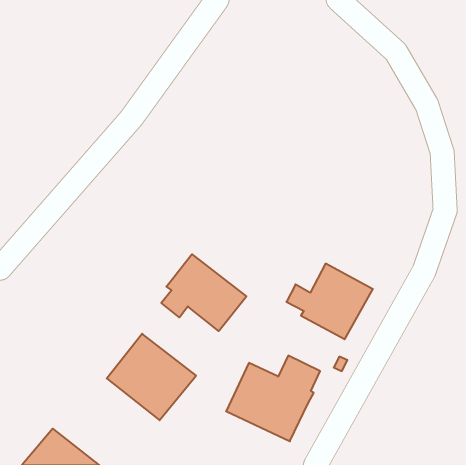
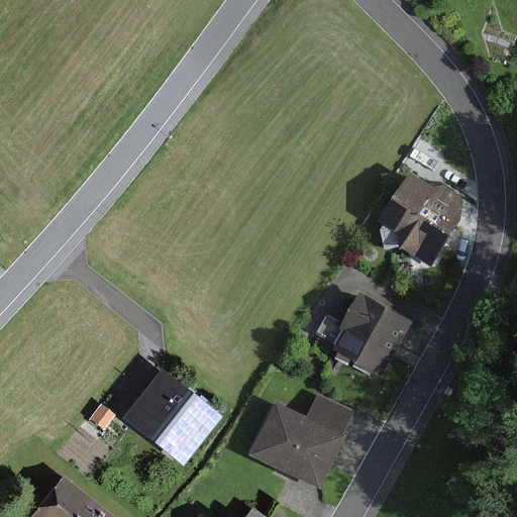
building: none -> [379,171,463,267]
building: [161,254,246,331] -> none

